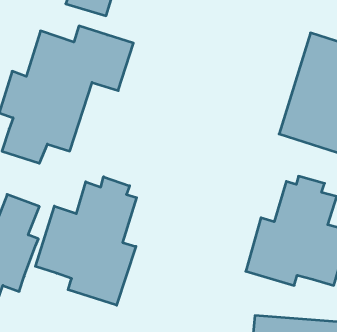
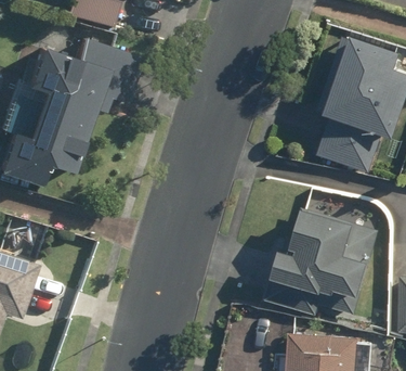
building: [35,177,137,305] -> none

